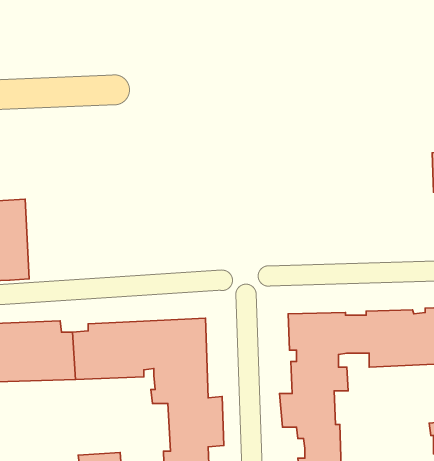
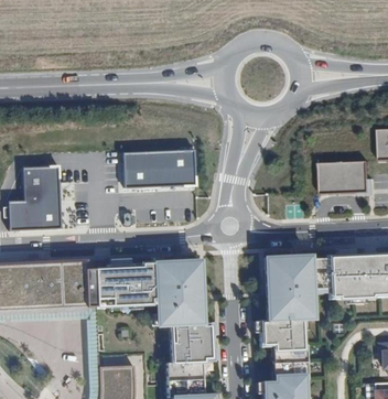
building: none -> [123,149,195,187]
building: none -> [322,161,370,193]

